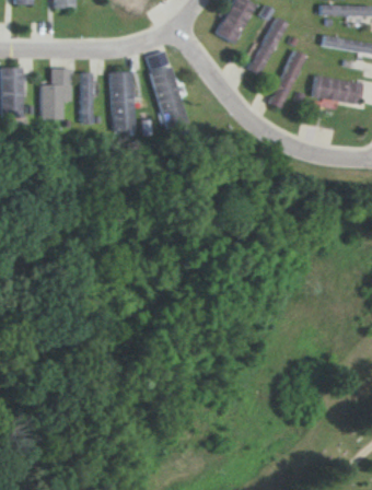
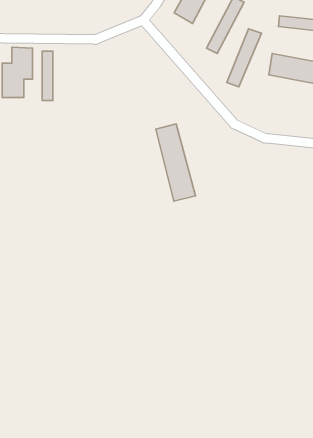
building: [147,50,187,129] -> [156,124,195,201]
building: [111,71,133,130] -> none

